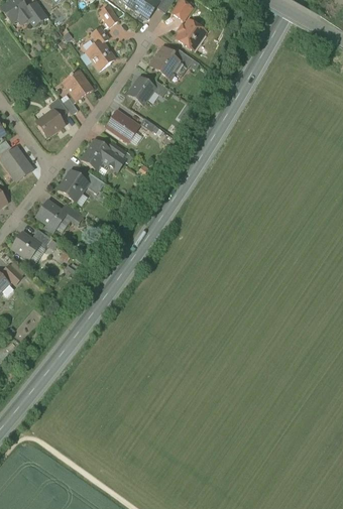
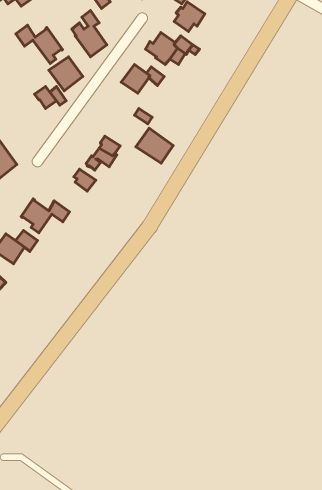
building: none -> [16,25,63,64]
building: [36,109,64,136] -> none
building: [105,109,139,141] -> [136,128,173,163]
building: [82,139,110,169] -> none
building: [58,170,88,201] -> none

